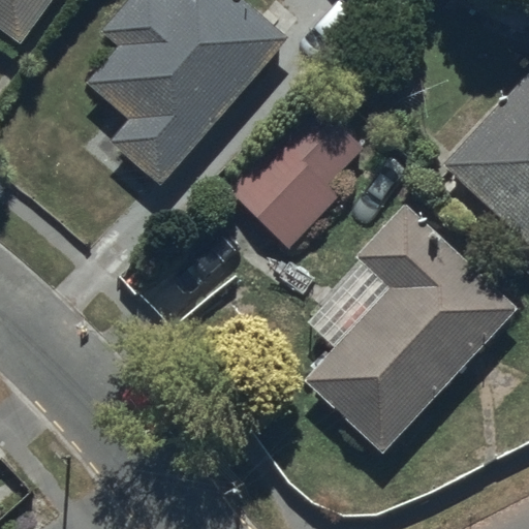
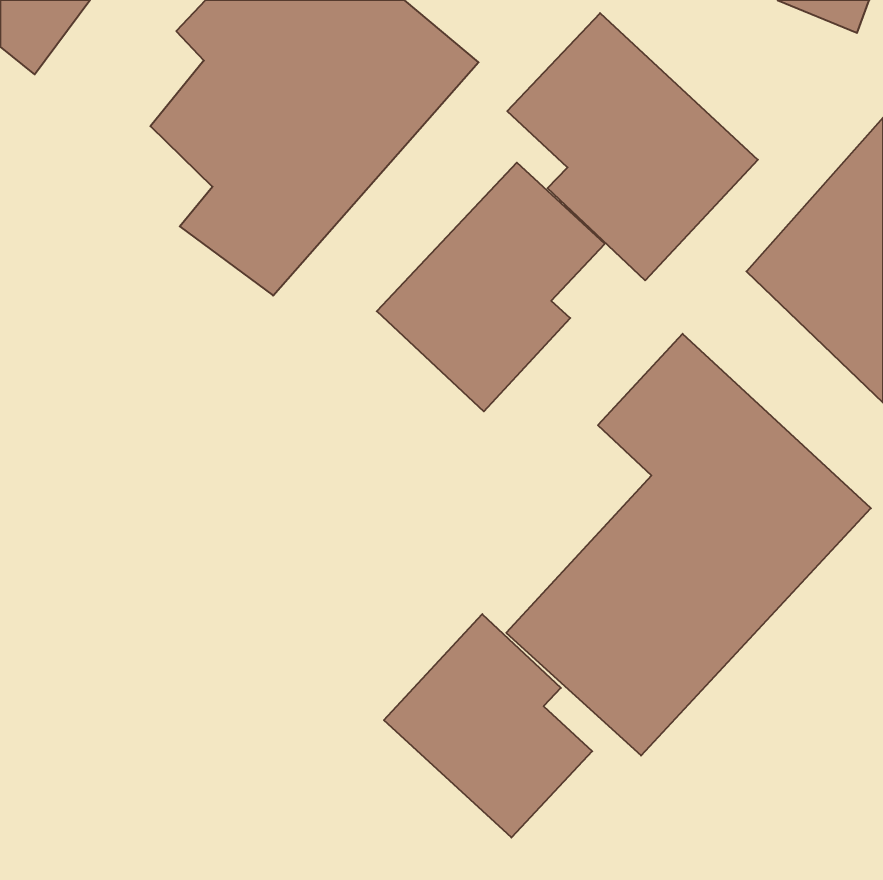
building: none -> [507,13,758,280]
building: none -> [384,614,592,838]

